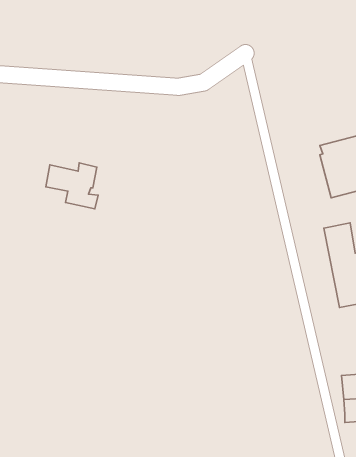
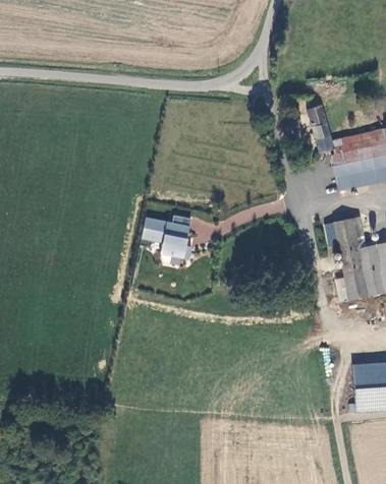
building: none -> [308,98,334,154]
building: [46,163,98,209] -> [142,215,192,259]

